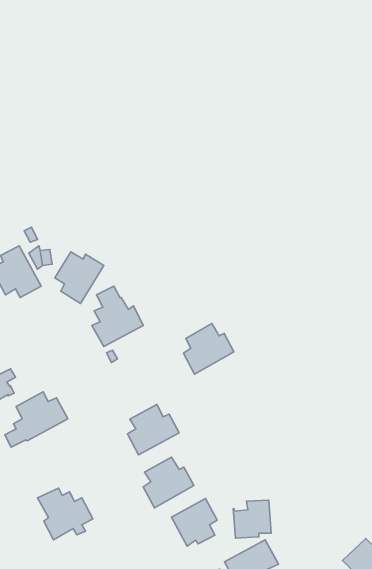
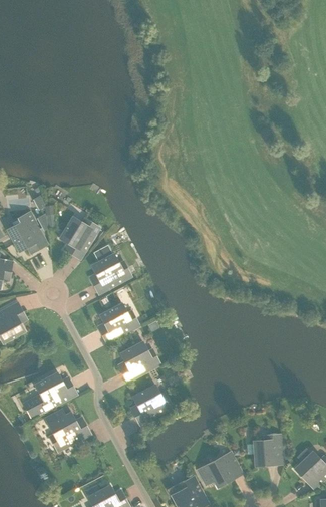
building: [183,324,234,374] -> [97,301,138,342]
building: [5,392,68,447] -> [25,370,76,416]
building: [171,499,217,546] -> none
building: [233,500,271,538] -> [252,433,283,464]

